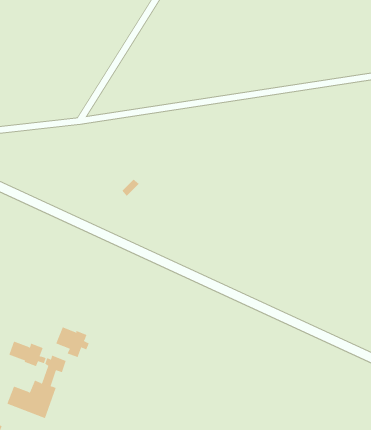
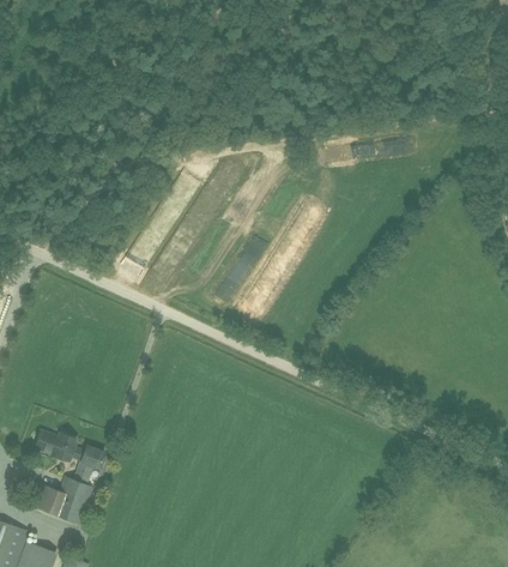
building: [56,327,90,358] -> none

